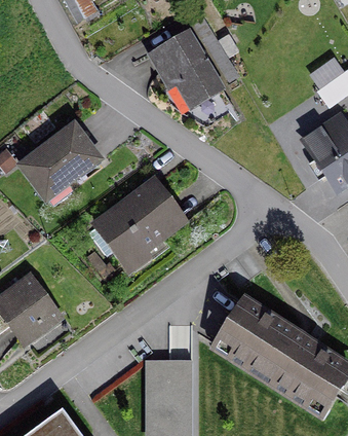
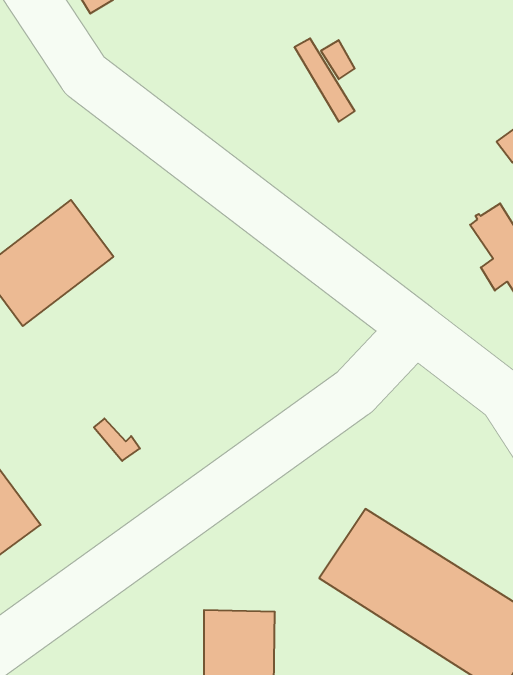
building: [148,32,222,105] -> none
building: [99,184,179,268] -> none

